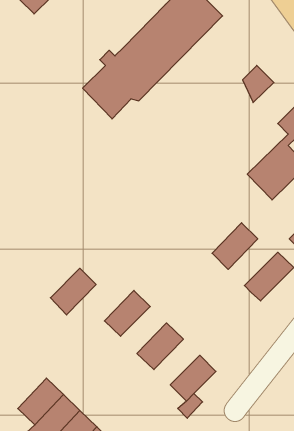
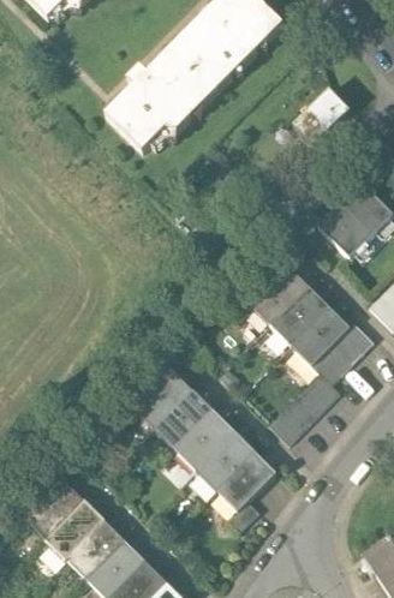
building: none -> [252,265,309,323]
building: none -> [292,305,350,364]
building: [50,268,96,315] -> [156,390,214,449]
building: none -> [269,372,340,444]
building: none -> [198,431,256,489]

